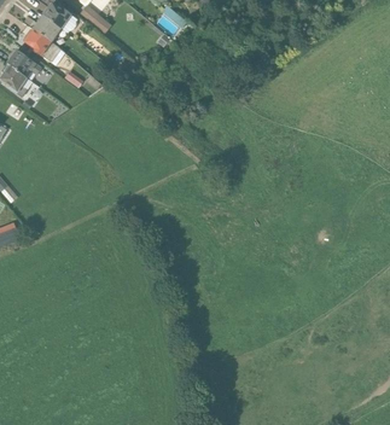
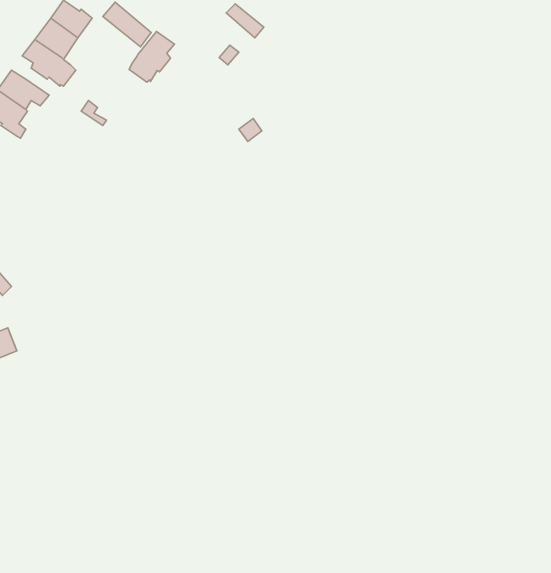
building: none -> [129,31,174,82]

